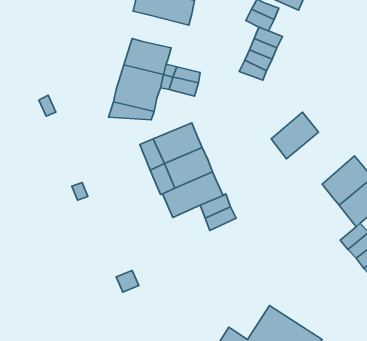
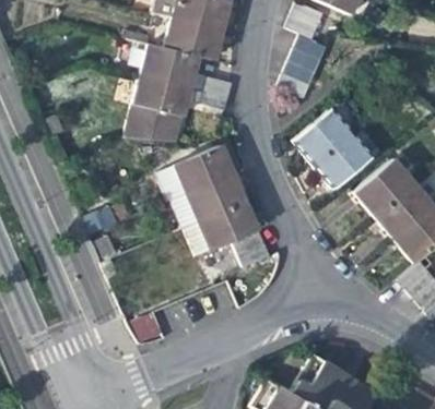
building: none -> [167,19,221,60]
building: none -> [296,108,352,161]
building: none -> [354,158,412,214]

